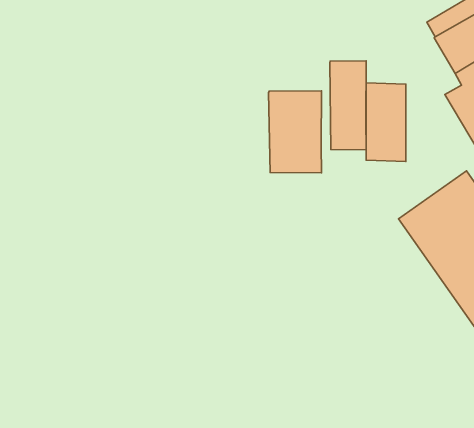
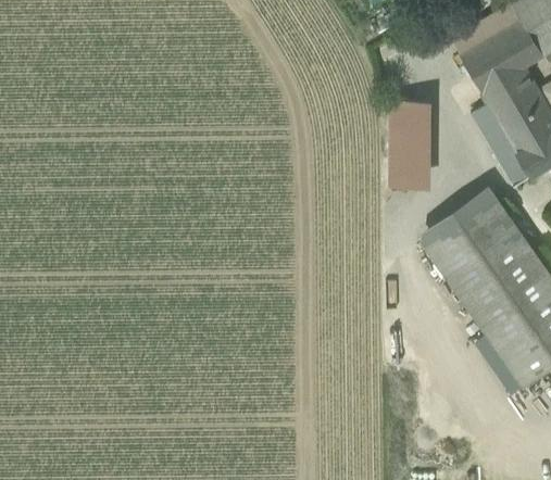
building: [330,61,366,150] -> none
building: [269,91,322,173] -> none

